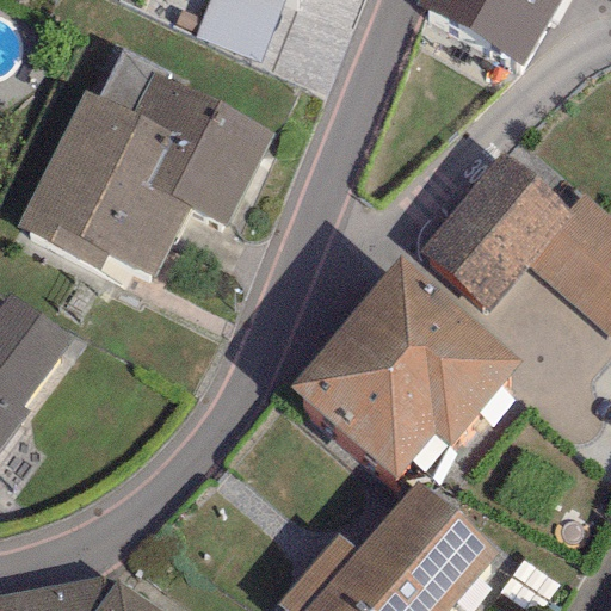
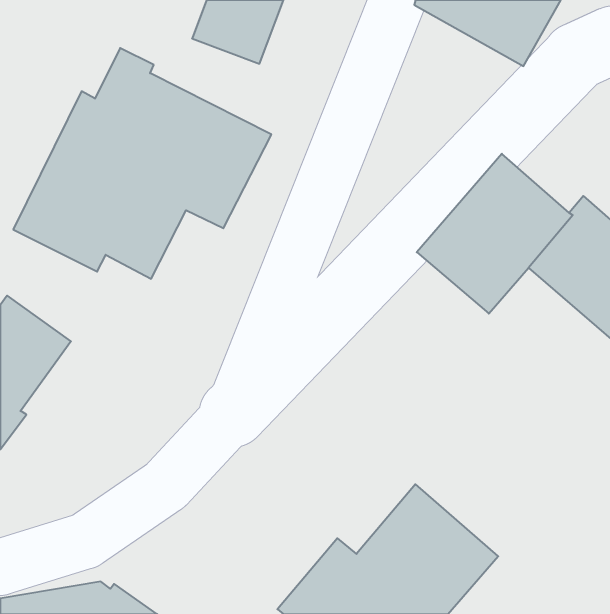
building: [288,257,521,479] -> none

